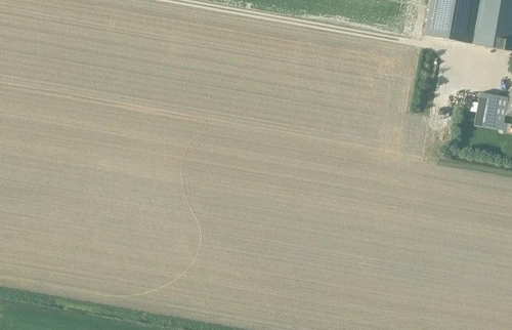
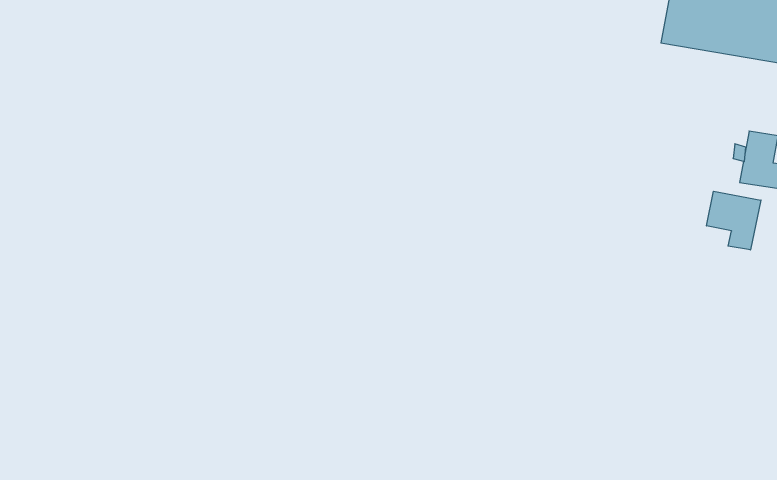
building: none -> [707,191,761,250]

